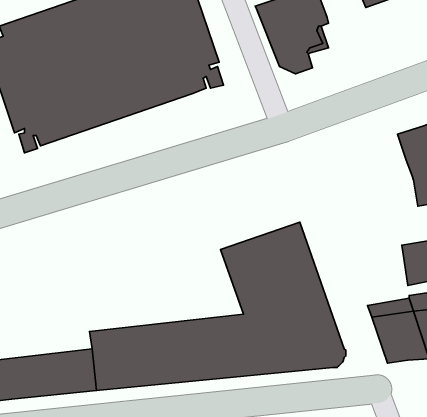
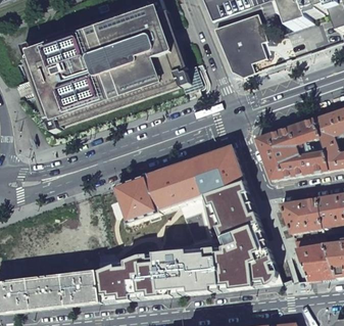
building: none -> [255,119,328,180]
building: none -> [114,146,244,224]
building: none -> [279,197,321,233]

